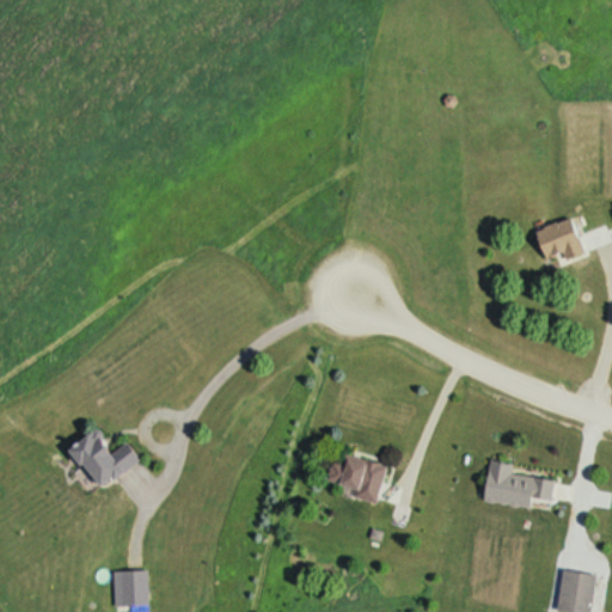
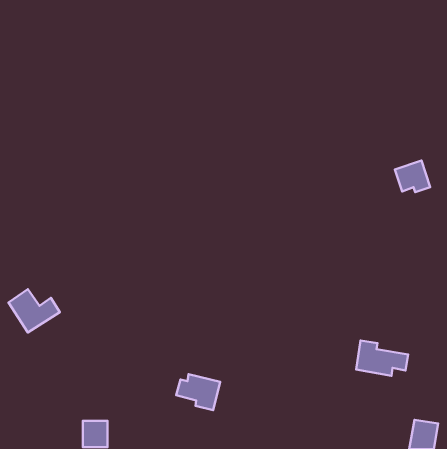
building: [69,430,139,489] -> [9,289,60,332]
building: [325,454,385,503] -> [176,374,220,410]

